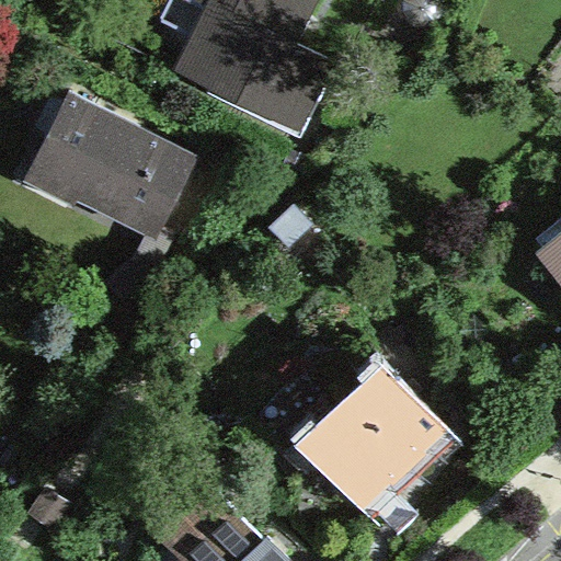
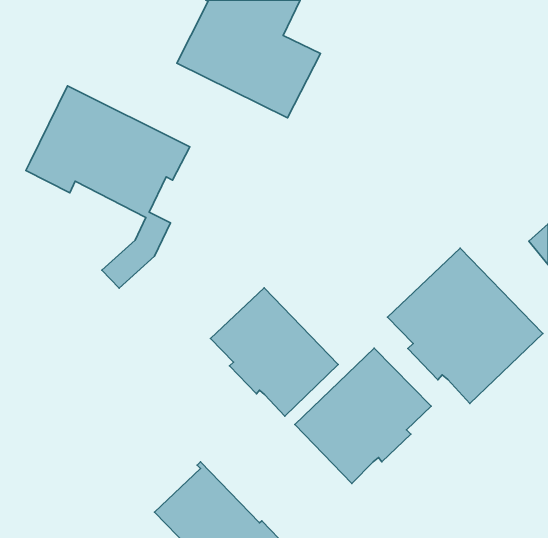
building: none -> [388,248,543,404]
building: none -> [211,288,338,416]

